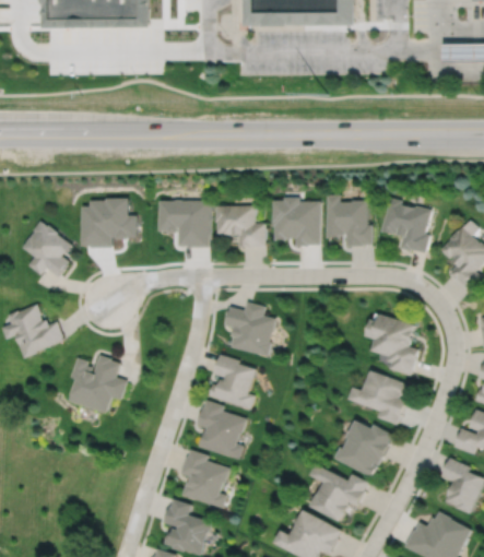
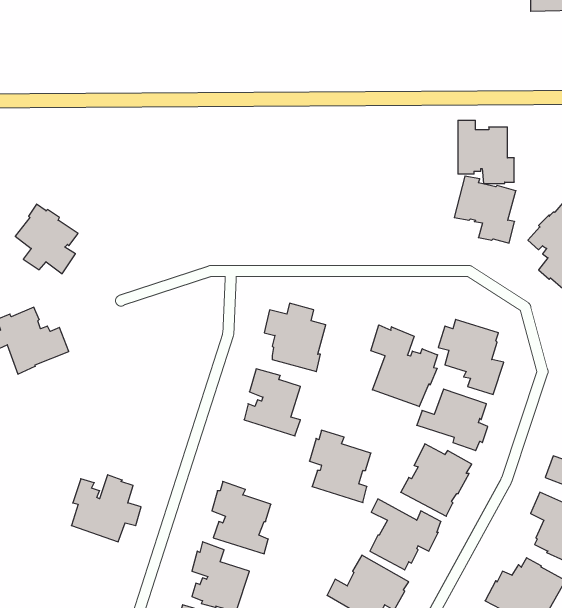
building: [326,194,371,246] -> [458,120,514,183]
building: [271,197,319,247] -> none
building: [80,198,134,247] -> none
building: [160,200,208,248] -> none
building: [213,205,263,247] -> none
building: none -> [371,325,438,407]
building: [71,355,128,410] -> [71,475,141,542]
building: [198,398,248,457] -> [309,430,371,503]

